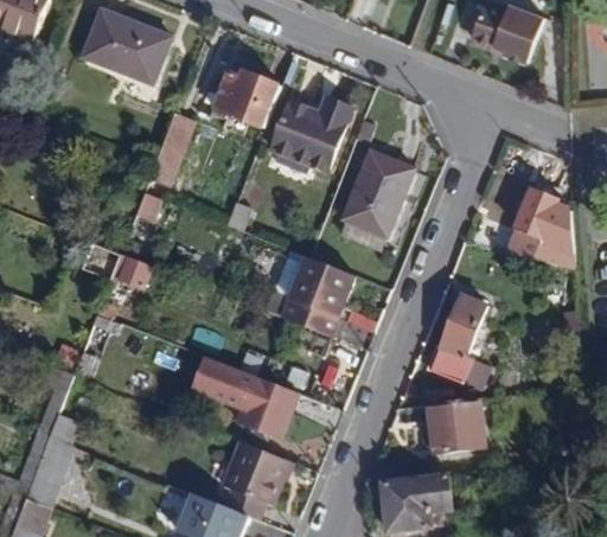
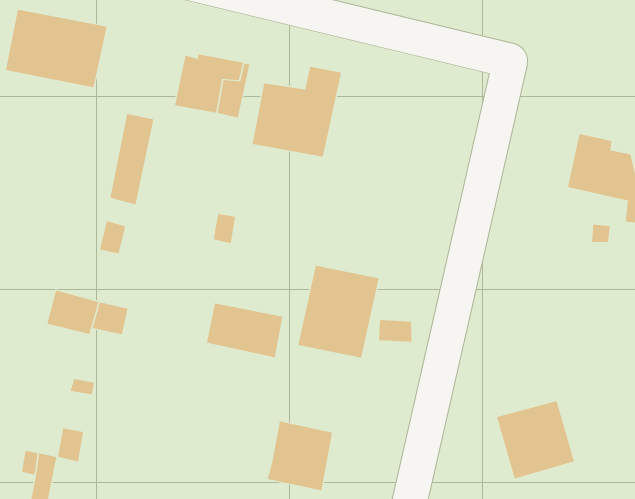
building: [343,154,411,237] -> none
building: [427,294,487,383] -> none
building: [190,357,255,409] -> [206,303,283,358]

